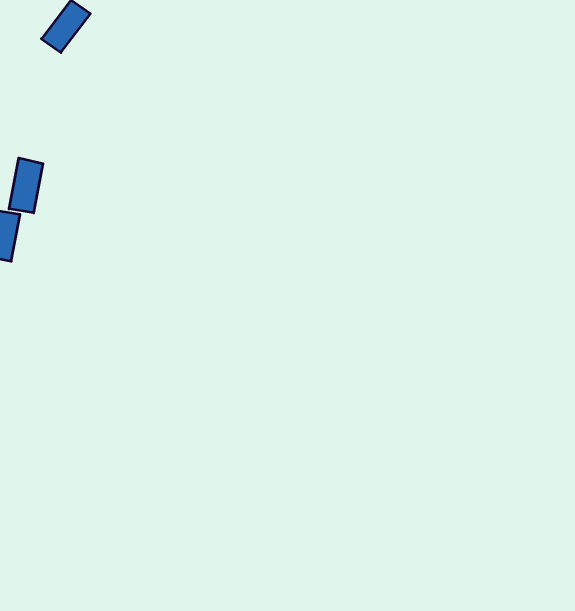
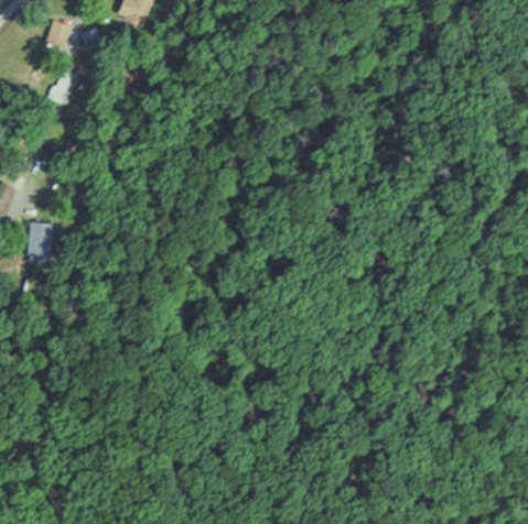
building: [9,158,43,213] -> none

